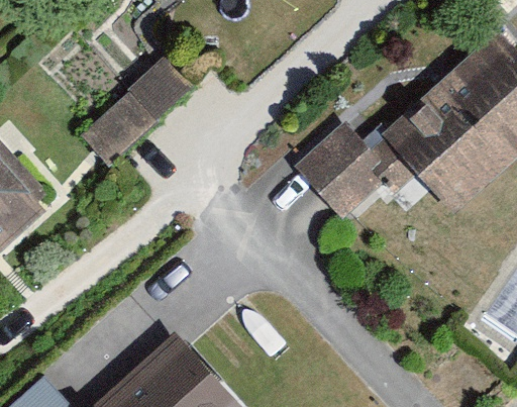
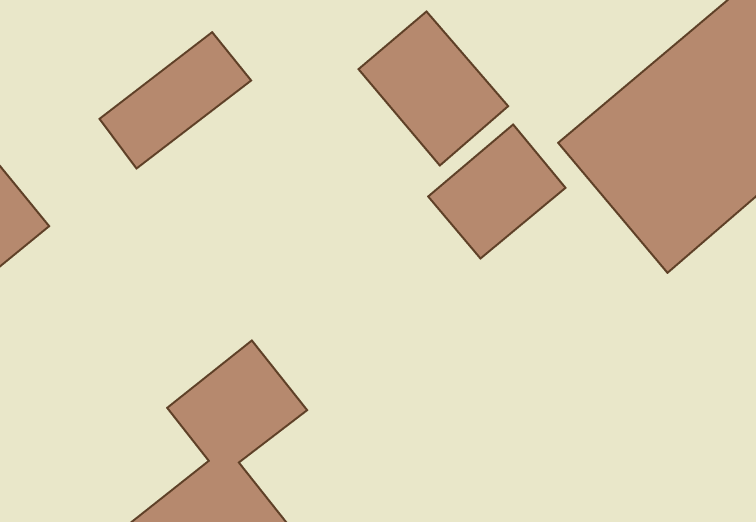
building: none -> [359,12,508,165]

